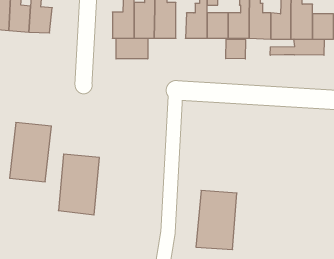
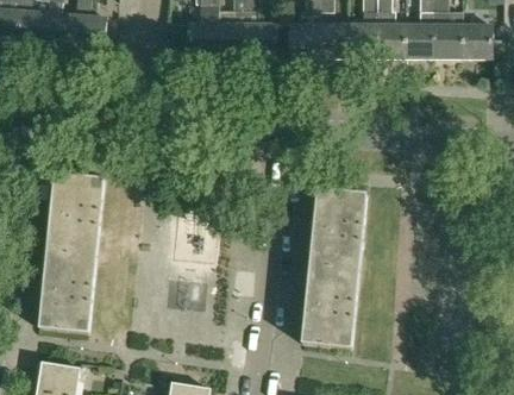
building: [116,38,148,59] -> none
building: [270,39,324,55] -> none
building: [226,39,246,59] -> none
building: none -> [308,188,364,270]
building: [58,154,99,215] -> [39,250,95,333]

